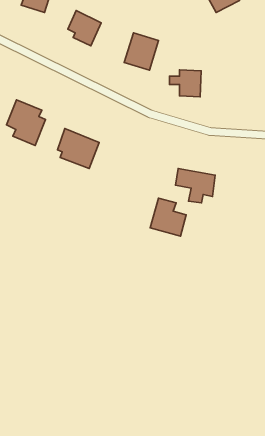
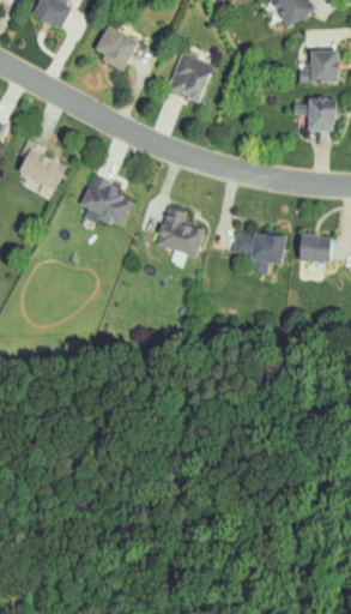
building: none -> [299,50,339,83]
building: [169,70,201,97] -> [295,96,335,131]
building: none -> [298,235,333,263]
building: [150,198,186,236] -> [158,207,205,257]

